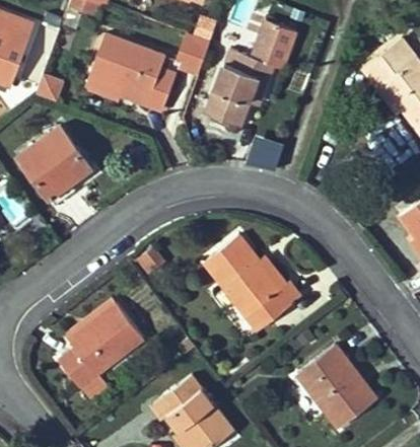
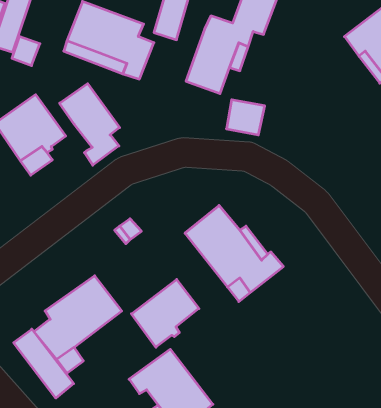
building: none -> [60,84,120,165]
building: none -> [131,279,199,347]
building: [297,345,376,427] -> none
building: none -> [14,329,74,398]

